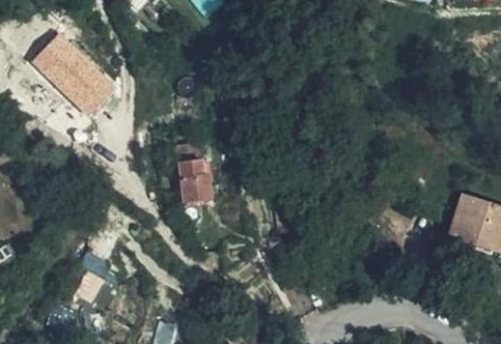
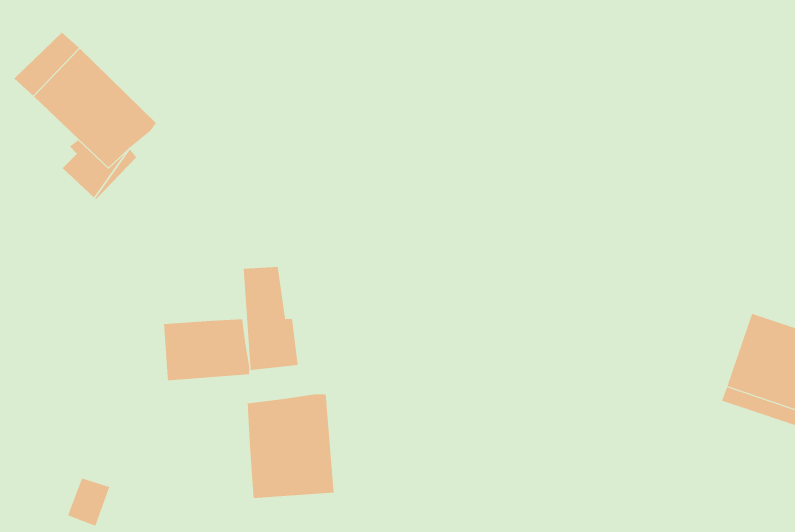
building: none -> [163,318,250,381]
building: none -> [247,393,334,499]

